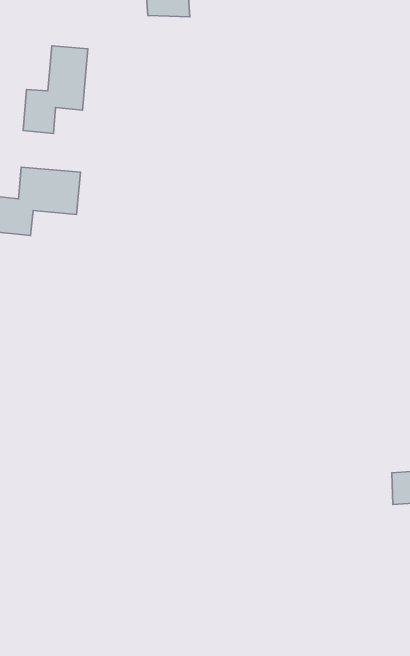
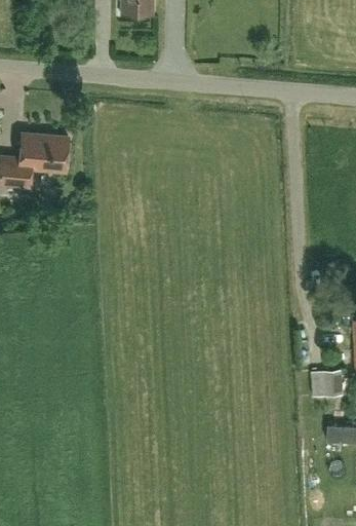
building: [23,46,88,134] -> none

